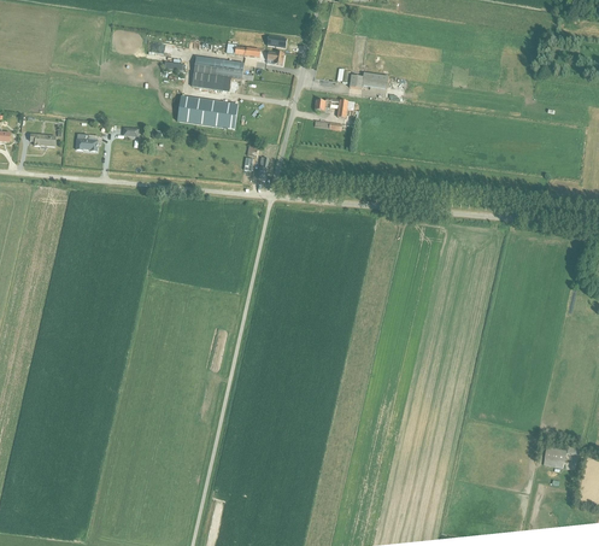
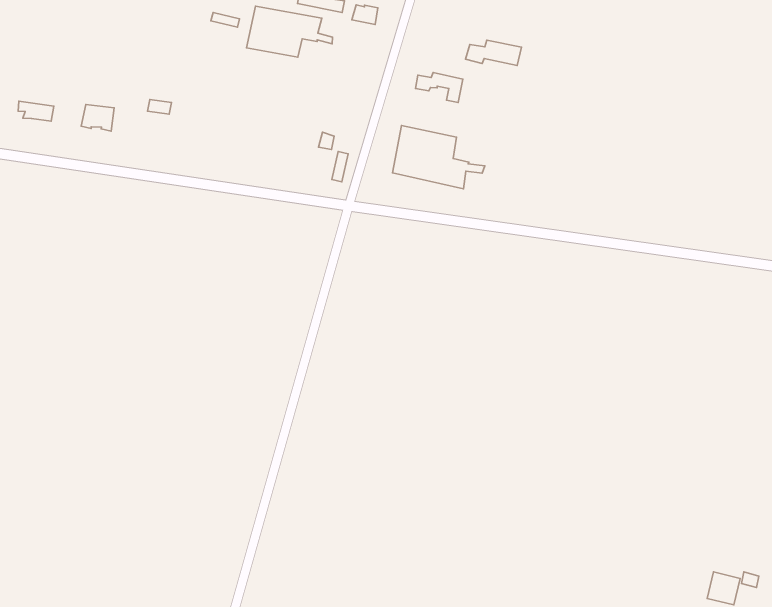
building: [177,95,239,129] -> none
building: none -> [392,125,485,189]

